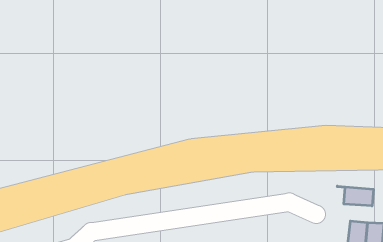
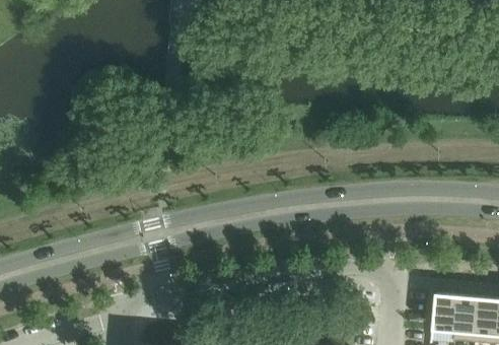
building: [337,186,373,206] -> none

